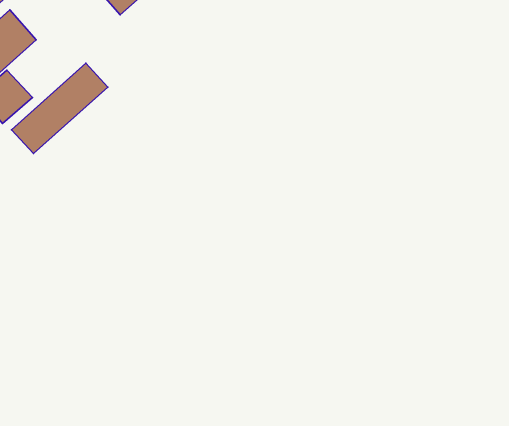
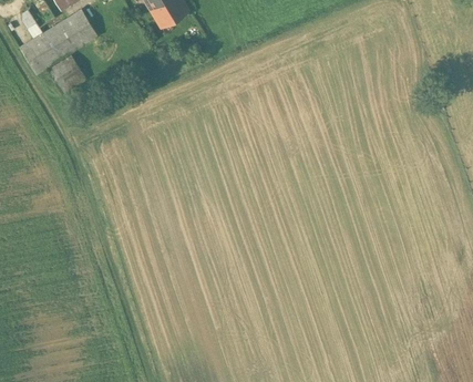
building: [11,63,108,154] -> none

